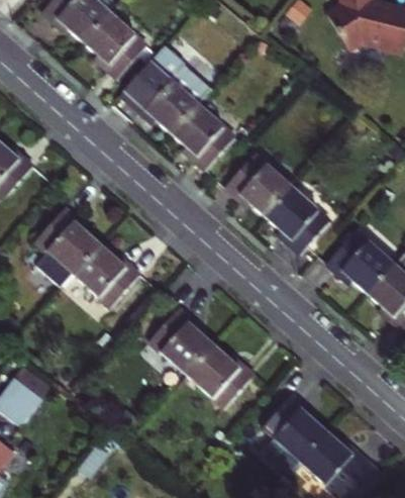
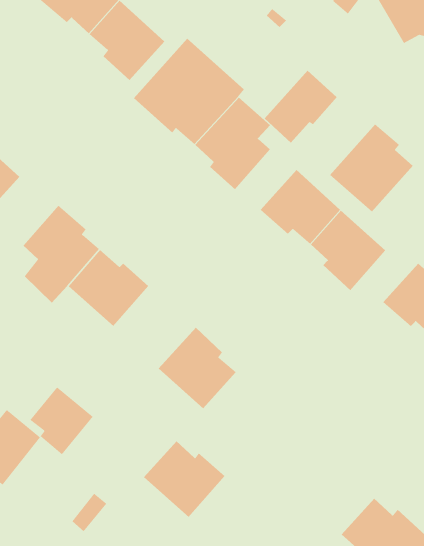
building: none -> [264,70,338,144]
building: none -> [329,124,414,212]
building: [187,330,255,394] -> [143,440,226,518]
building: none -> [30,387,93,455]
building: [264,396,327,464] -> none

